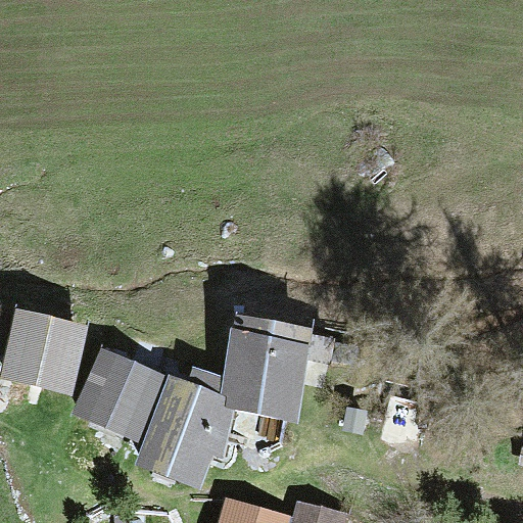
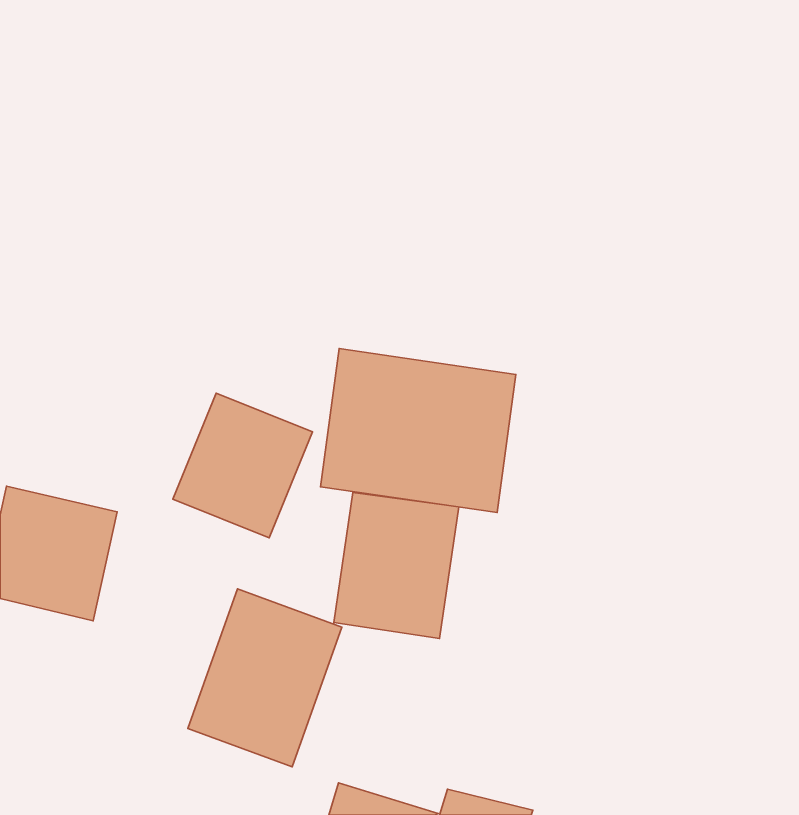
building: none -> [320,349,516,513]
building: [76,350,164,442] -> [173,393,312,538]

